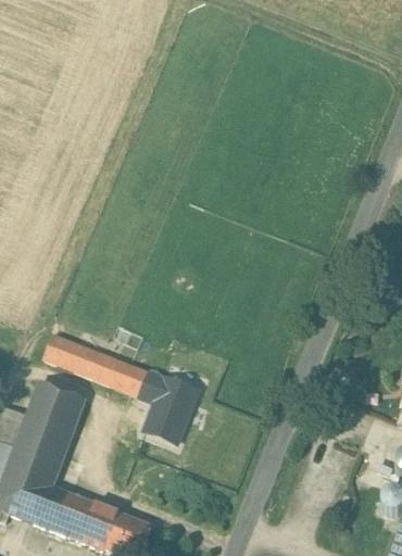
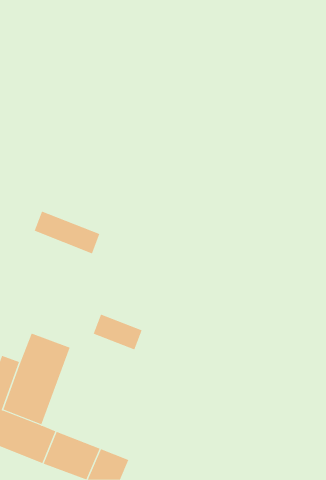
building: [43,336,118,384] -> [34,211,100,254]
building: [146,380,197,443] -> none

